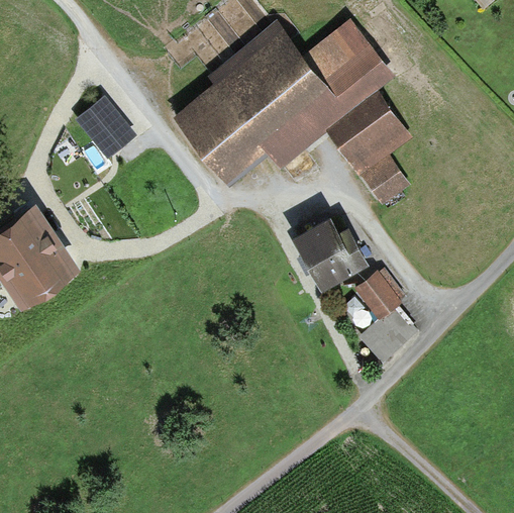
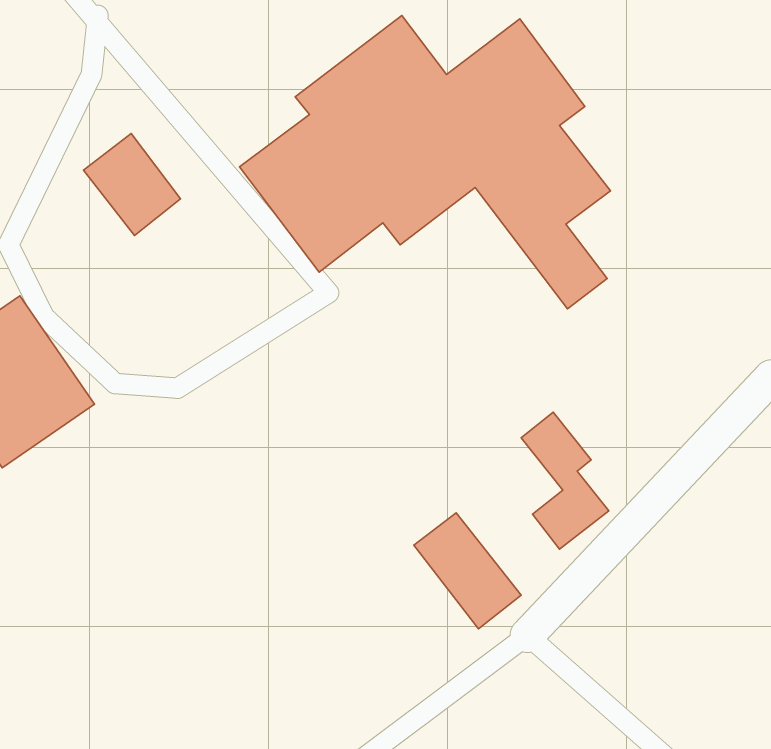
building: [296,219,367,285] -> none
building: none -> [414,513,521,629]

